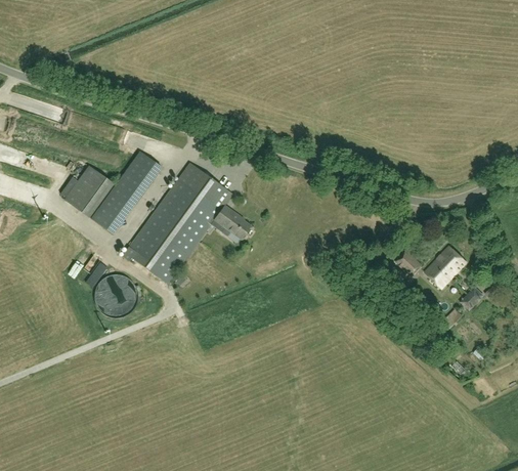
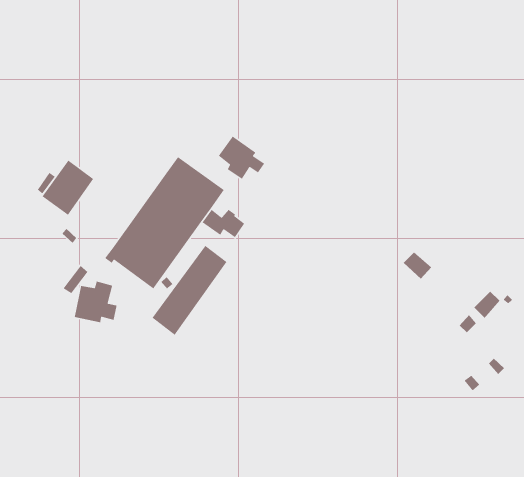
building: none -> [218,135,265,180]
building: [92,152,162,234] -> [151,245,227,336]
building: [425,245,466,287] -> none

